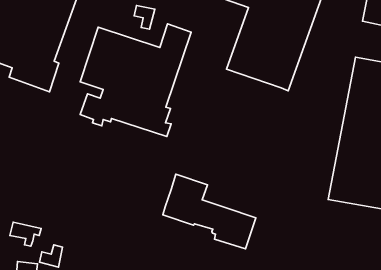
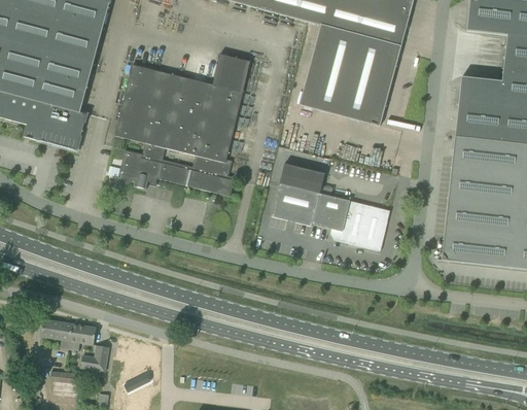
building: [134,5,155,29] -> none
building: [163,174,256,249] -> [271,163,389,250]
building: none -> [68,324,96,350]

